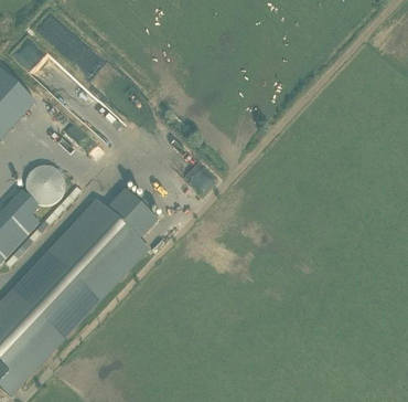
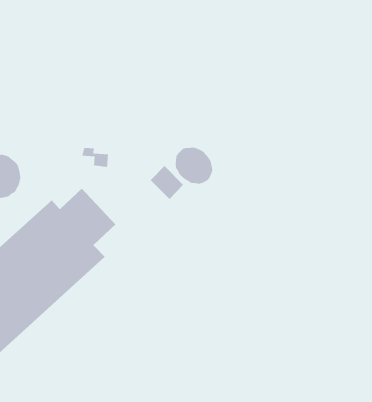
building: none -> [175,147,213,185]

